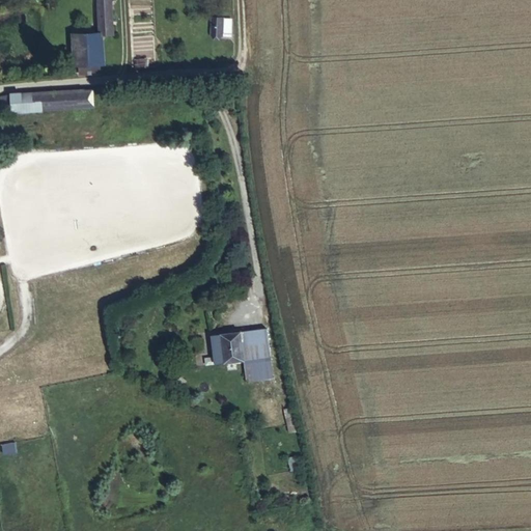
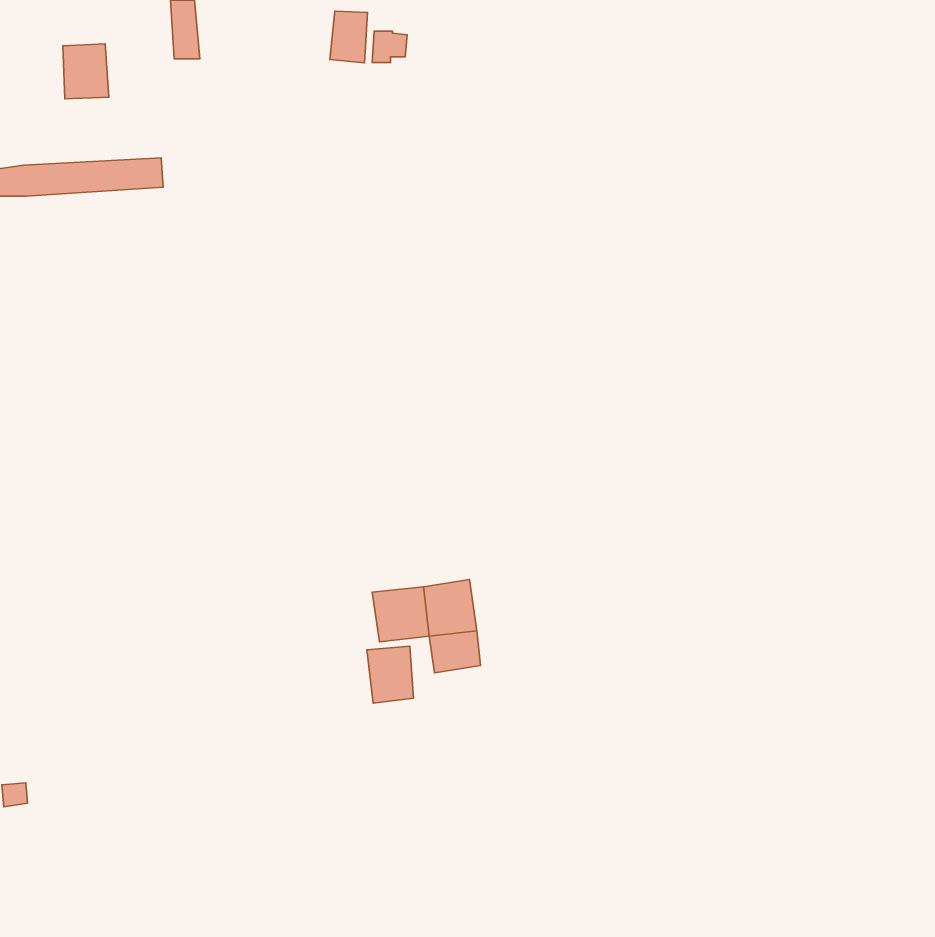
building: none -> [330,11,367,63]
building: [75,33,101,64] -> [63,44,109,99]
building: none -> [367,646,413,703]

